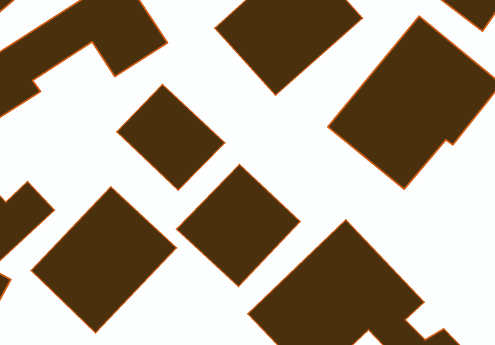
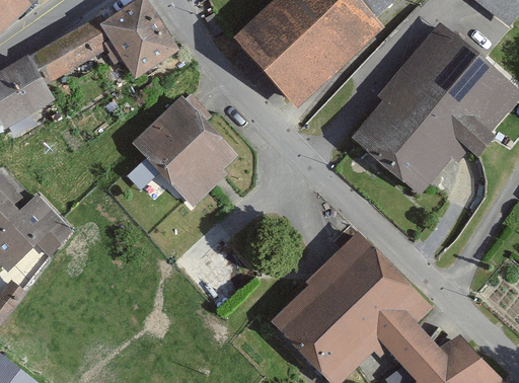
building: [177,164,300,286] -> none
building: [31,187,176,333] -> none

